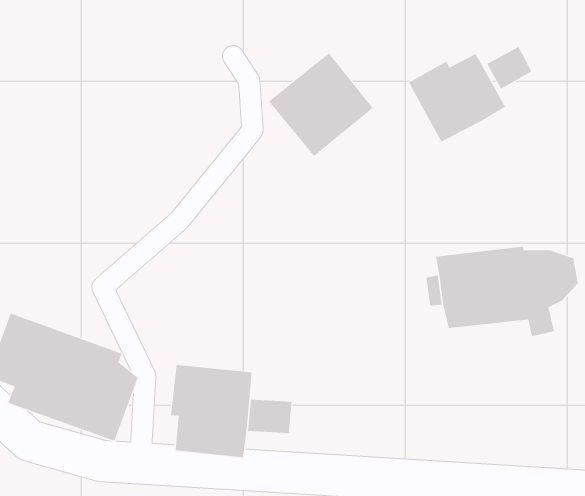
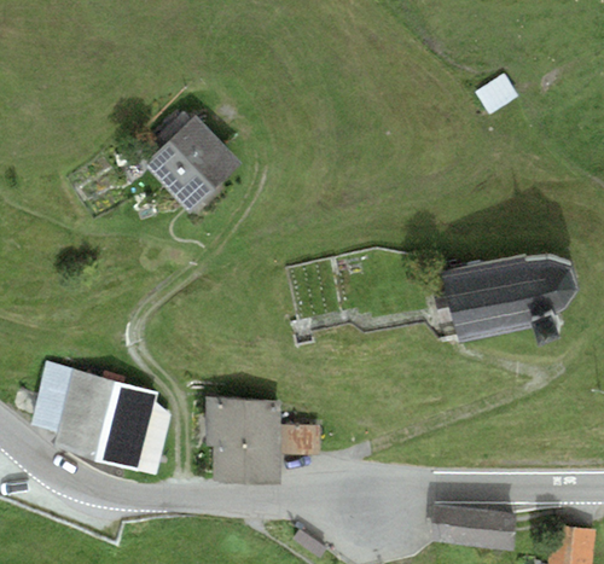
building: [268,53,373,157] -> [141,112,240,211]
building: [408,53,506,143] -> none

